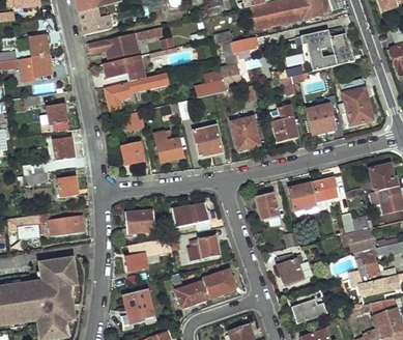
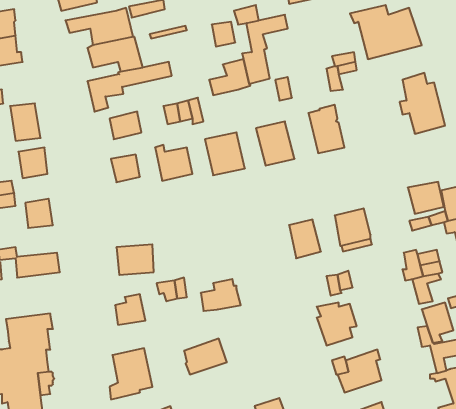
building: [306,105,335,135] -> none
building: [311,178,338,202] -> [408,182,444,214]
building: [171,203,208,228] -> none
building: [202,270,233,298] -> none

